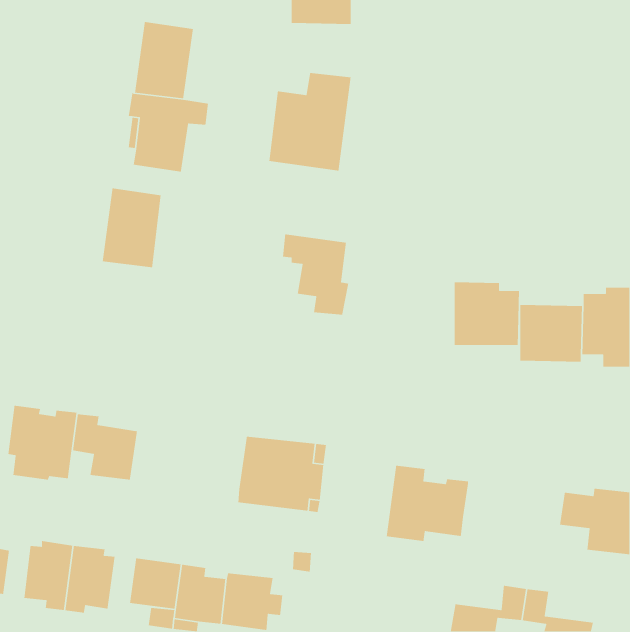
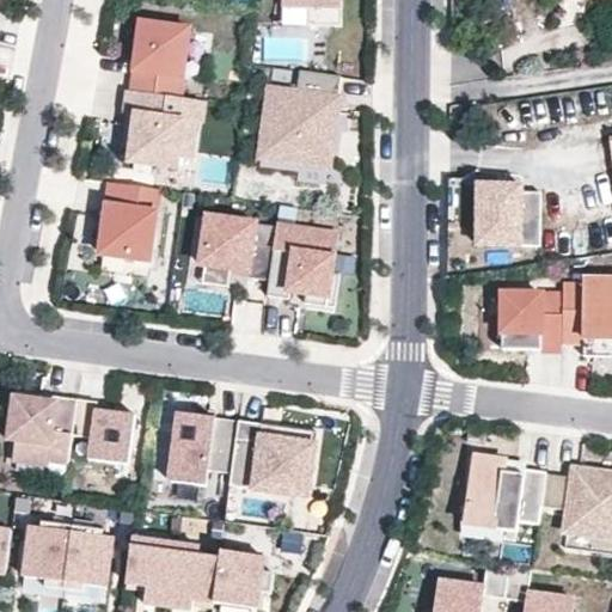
building: none -> [198,215,274,279]
building: [454,281,520,346] -> [476,183,539,245]
building: none -> [169,411,237,484]
building: [386,465,469,542] -> [463,455,543,530]

